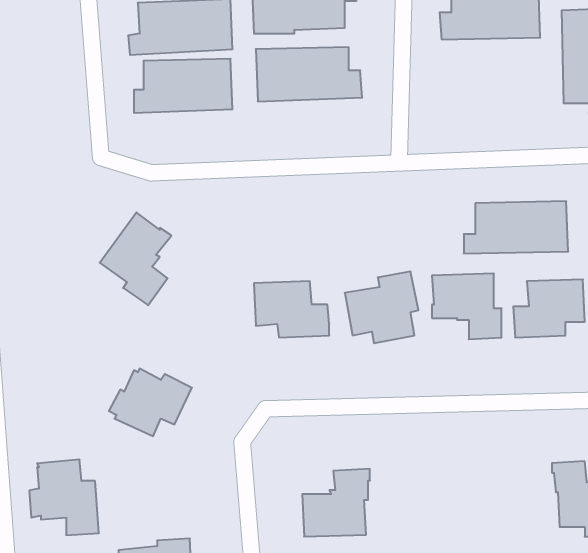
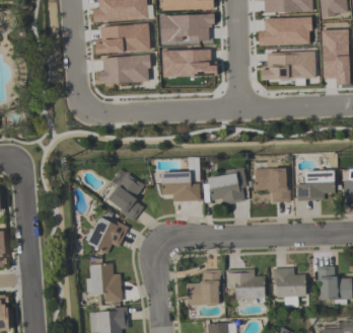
building: [464,201,568,253] -> [261,52,315,79]
building: [100,212,171,305] -> [108,172,145,221]
building: [29,460,99,535] -> [85,262,122,302]
building: none -> [273,267,305,306]
building: none -> [226,268,266,298]

